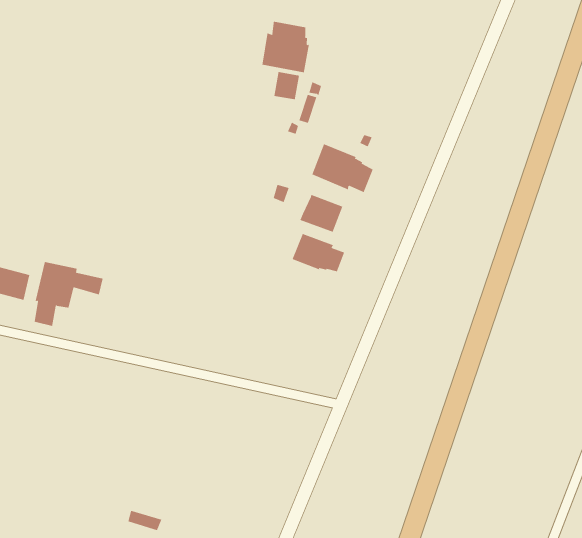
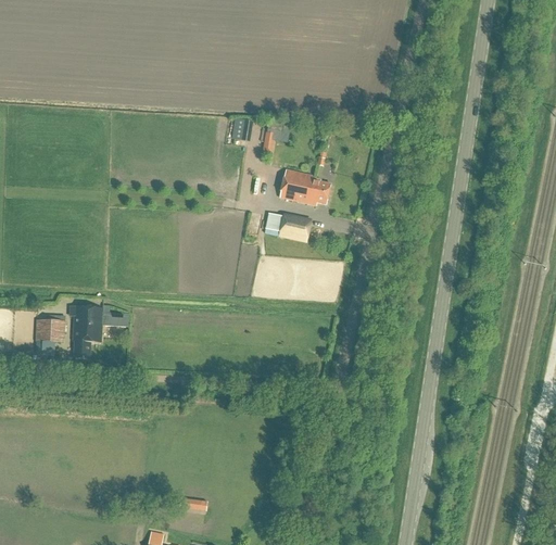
building: [262,21,309,73] -> none
building: [292,233,345,272] -> none

